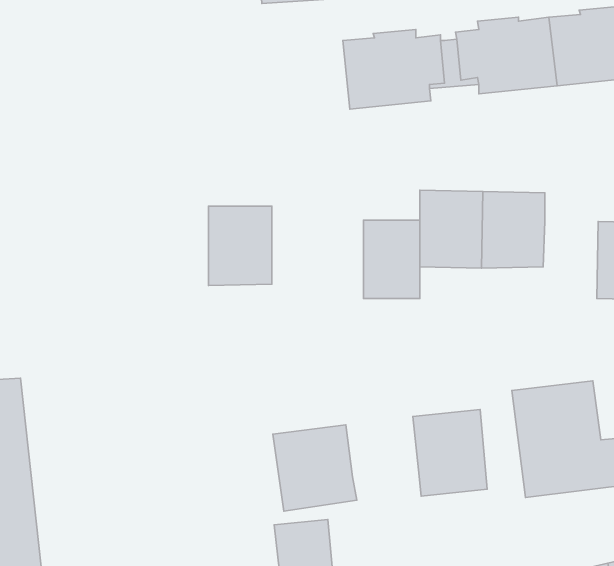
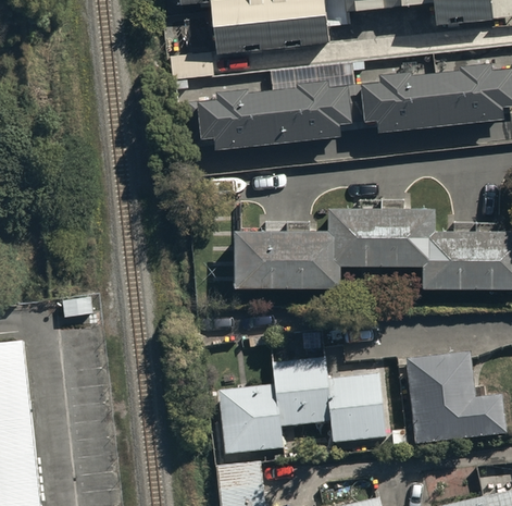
building: none -> [190,83,279,144]
building: [209,206,272,286] -> [240,225,290,288]
building: none -> [433,226,476,287]
building: none -> [274,359,334,429]

